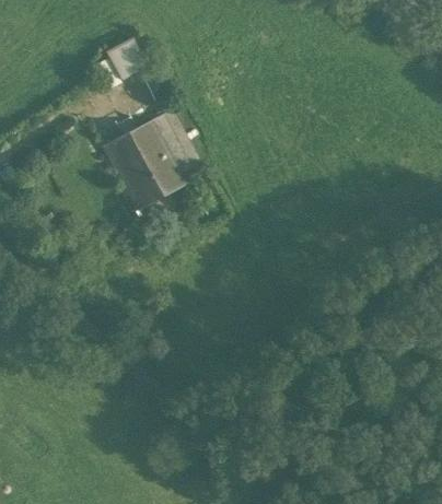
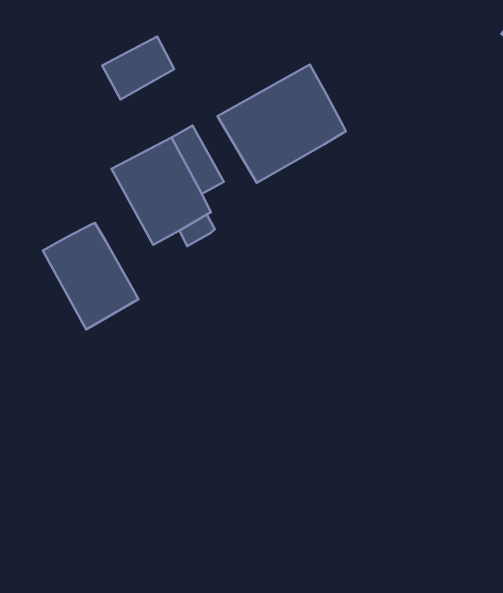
building: none -> [217,65,346,183]
building: none -> [43,223,139,330]

